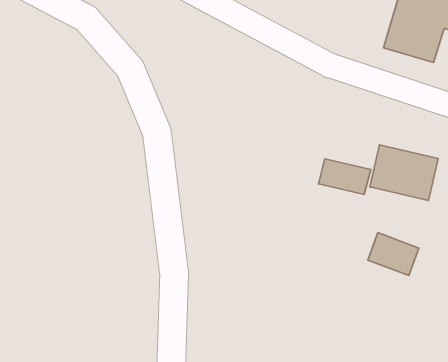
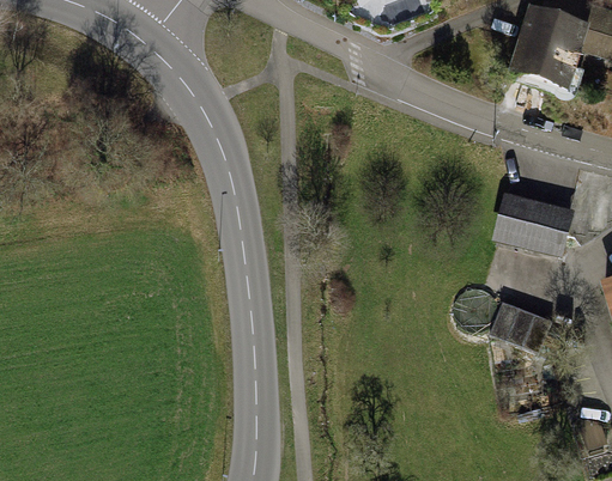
building: [318,159,371,195] -> none

